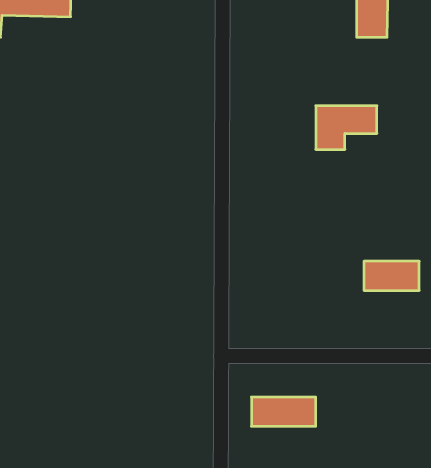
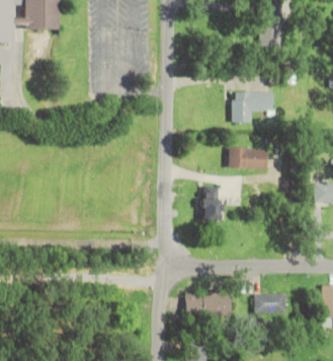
building: none -> [200,187,220,220]
building: [364,261,419,290] -> [228,148,266,168]
building: none -> [255,294,285,312]

